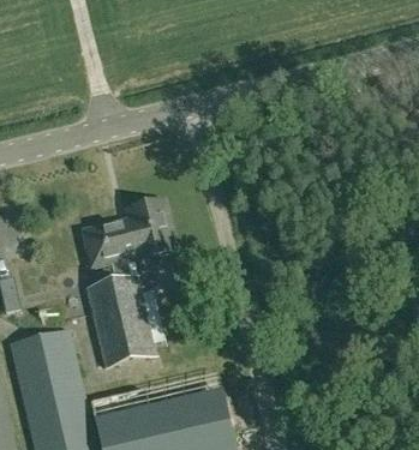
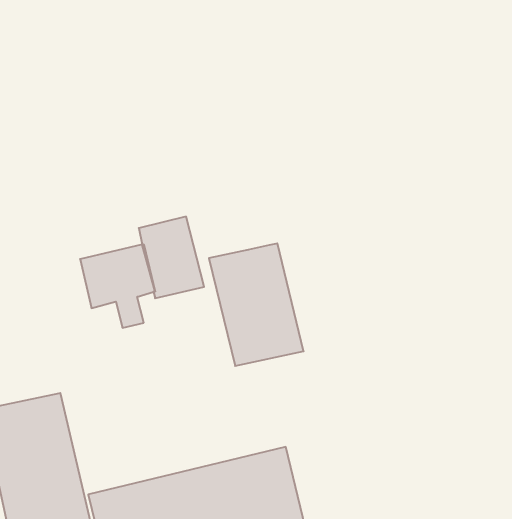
building: [85,277,155,367] -> [209,243,304,366]

